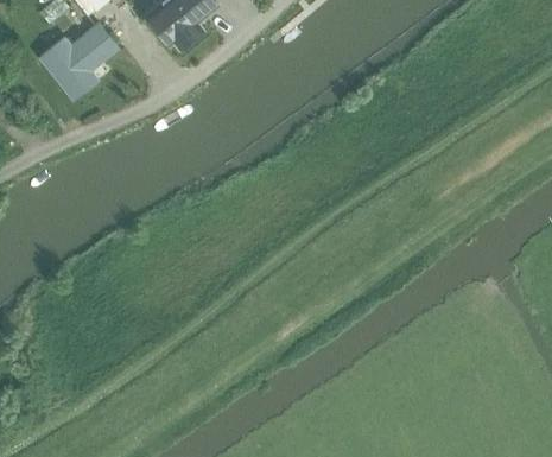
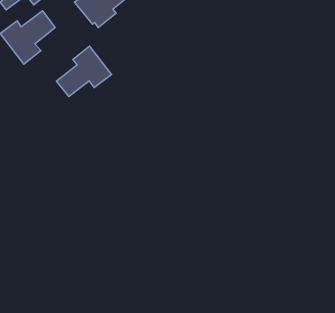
building: none -> [56,46,111,96]

